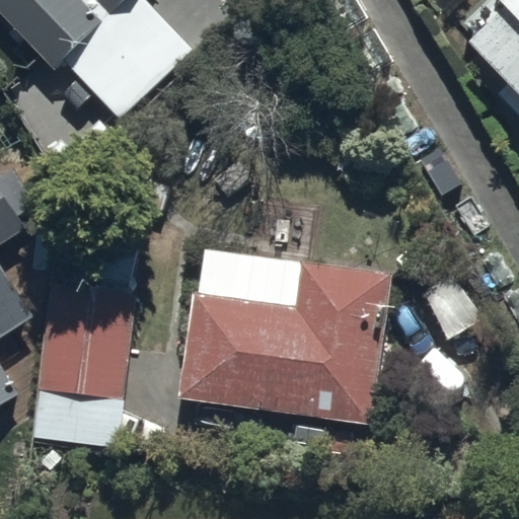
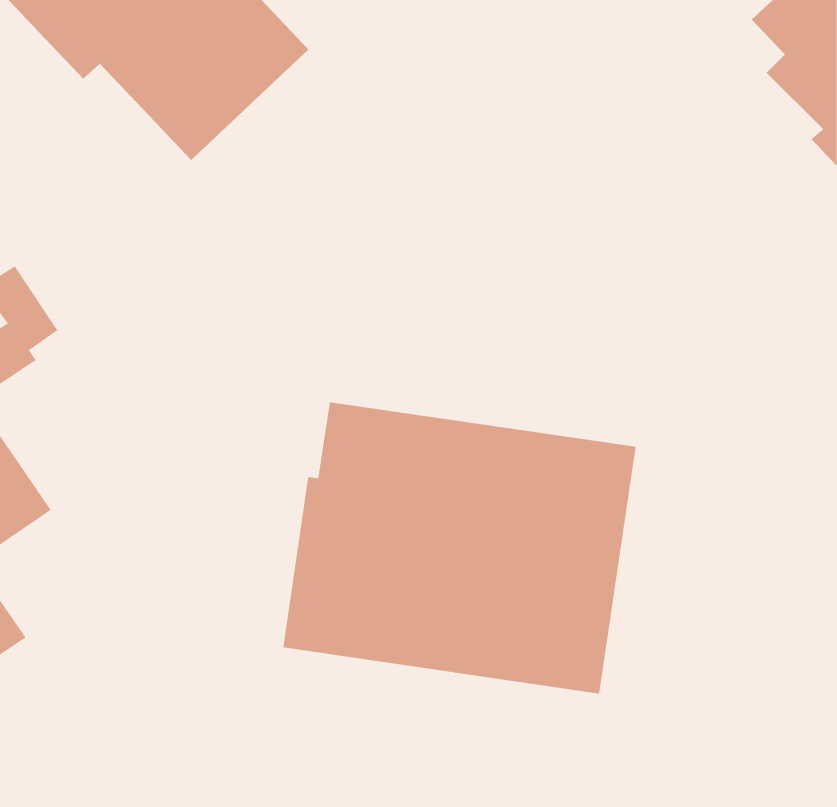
building: [33,260,133,447] -> none

